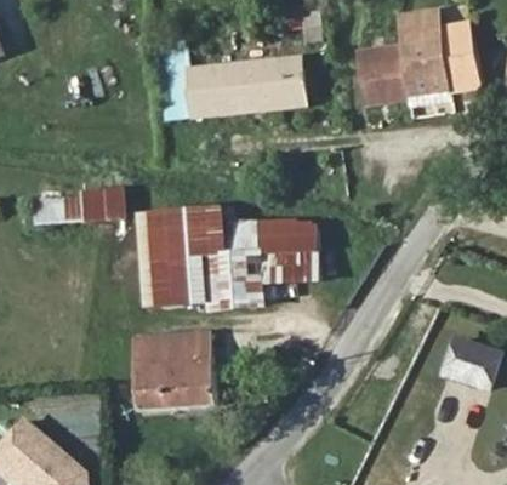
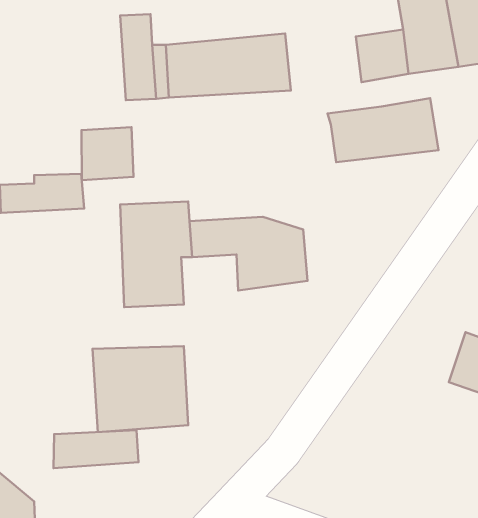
building: none -> [327,98,438,162]
building: none -> [81,127,134,180]
building: [209,253,258,306] -> none
building: none -> [54,430,139,468]

